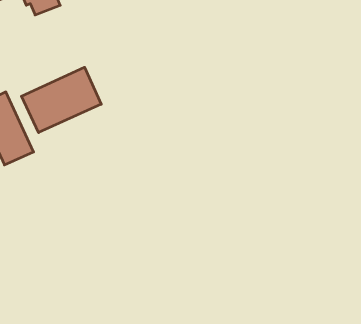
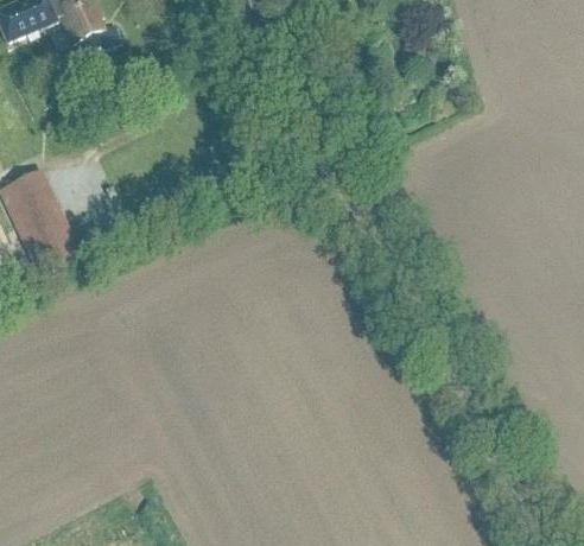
building: [21,67,101,133] -> none

